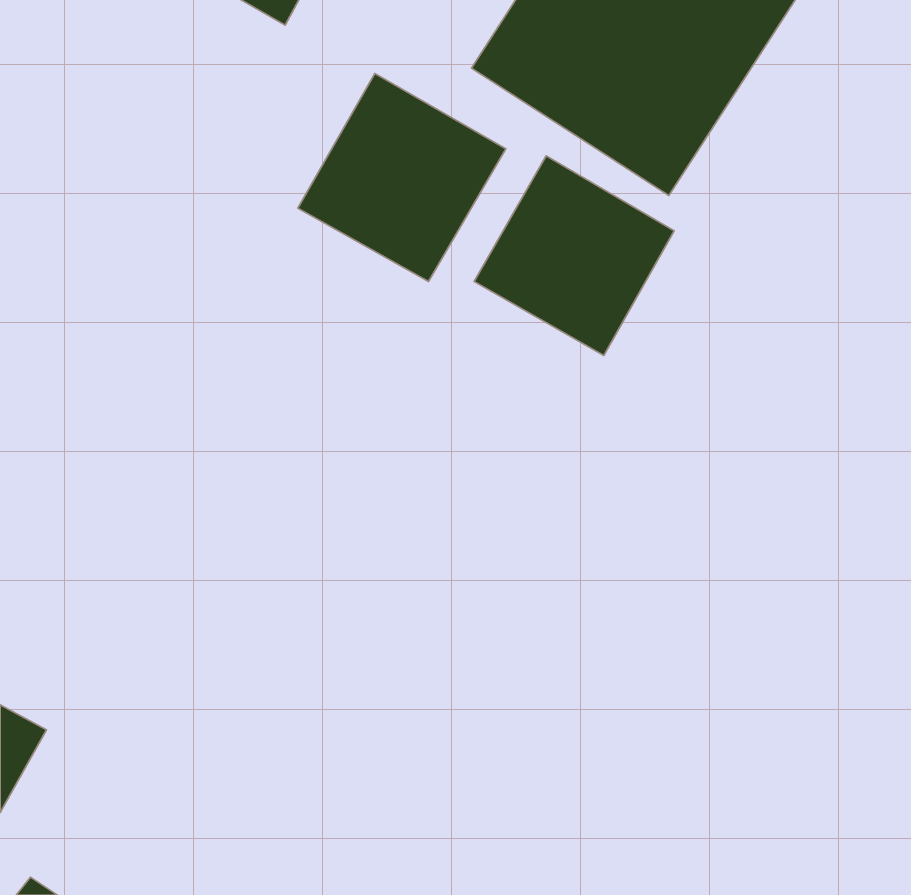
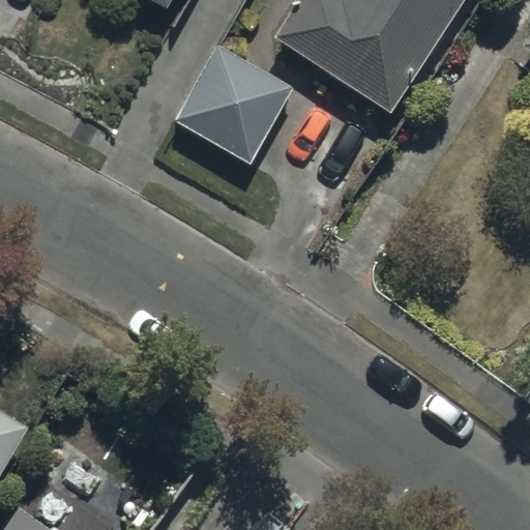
building: [474,156,674,355] -> none

